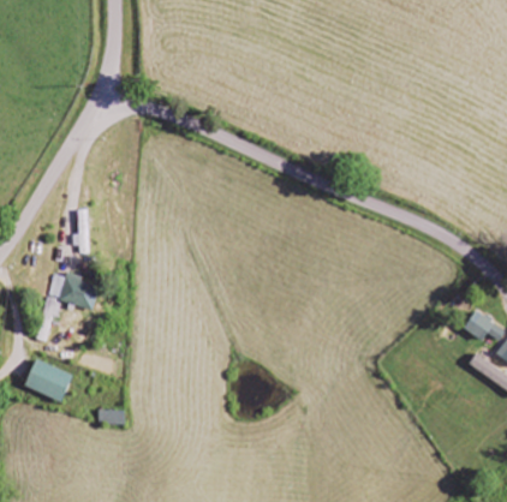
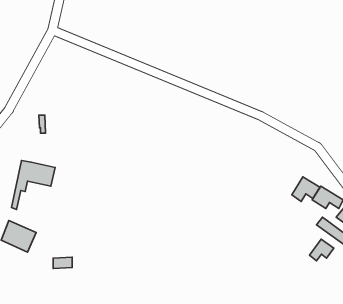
building: none -> [292,177,320,202]
building: none -> [310,239,334,261]

